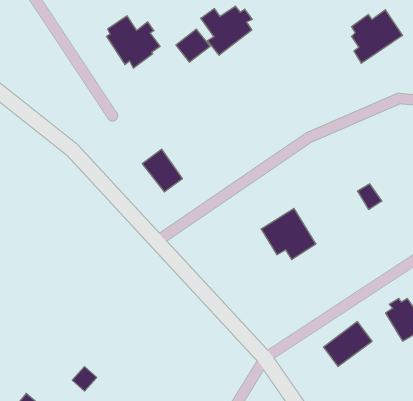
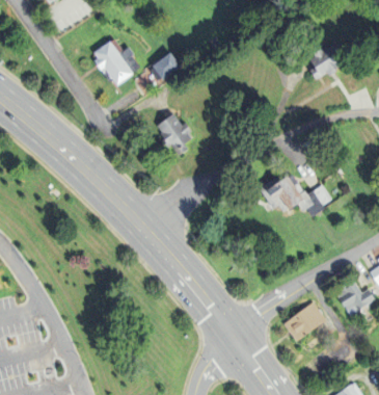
building: [201,6,252,55] -> none
building: [142,149,182,192] -> [155,115,189,152]
building: [261,208,316,260] -> [256,169,303,213]

